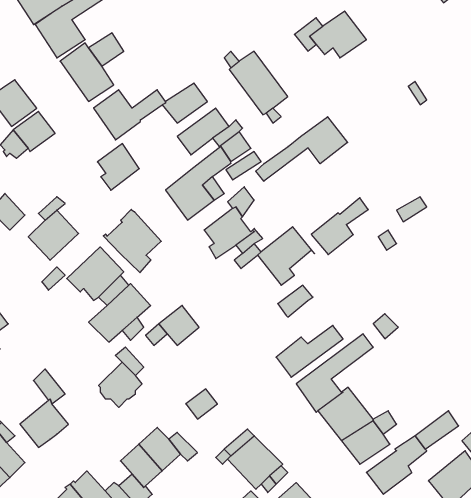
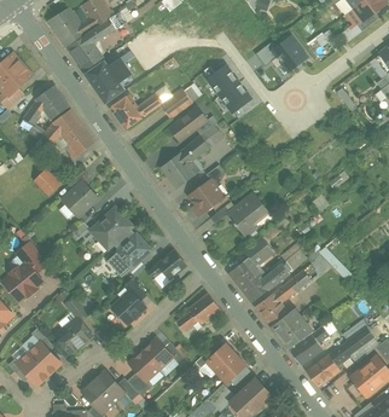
building: [256,117,348,181] -> none
building: [97,144,139,190] -> [63,126,93,160]
building: [311,198,368,255] -> [228,247,269,288]
building: [103,209,161,273] -> none
building: none -> [187,294,220,325]

